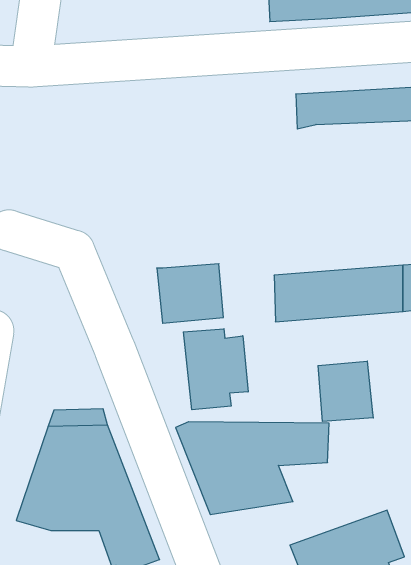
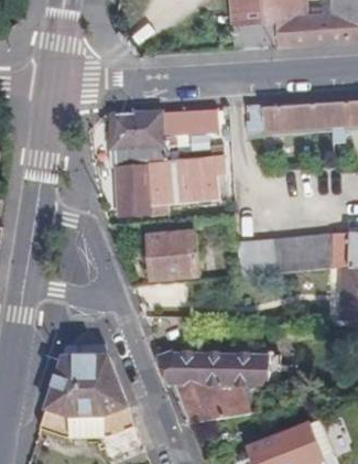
building: none -> [106,106,221,214]
building: [183,329,248,410] -> none
building: [318,361,373,421] -> none

